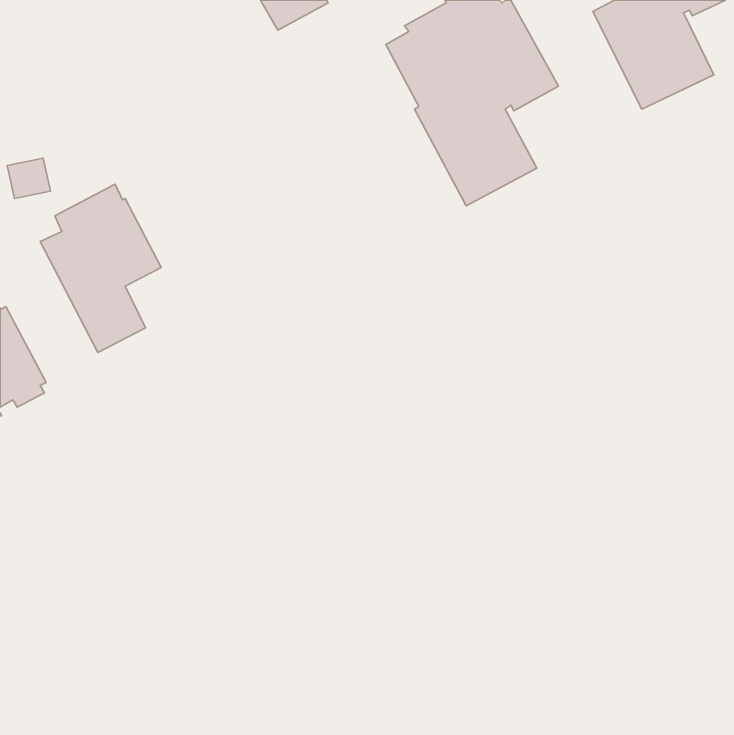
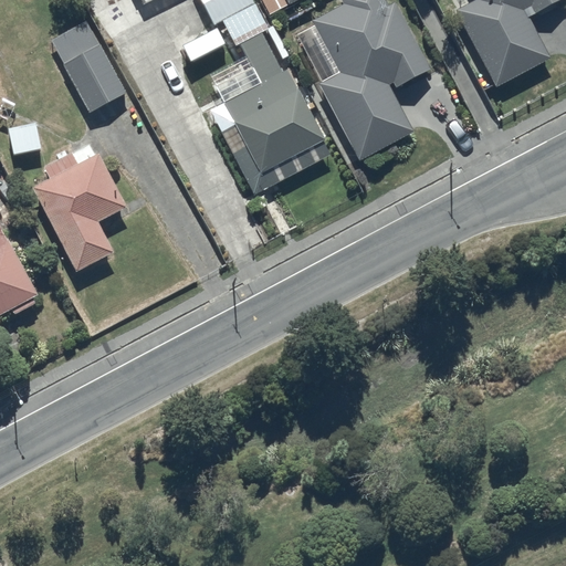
building: none -> [51,21,126,112]
building: none -> [214,30,333,196]

